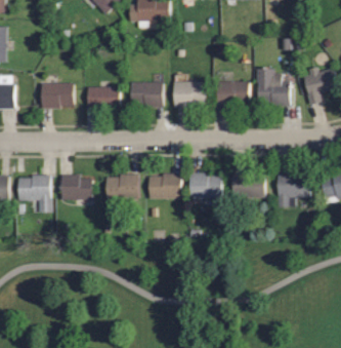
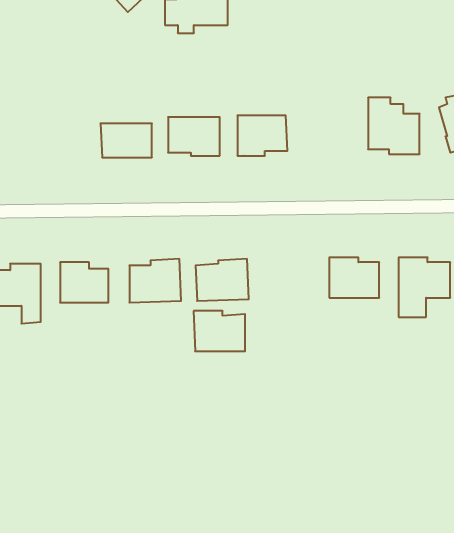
building: [215,81,249,107] -> none
building: [41,83,74,108] -> none
building: [188,172,221,198] -> [194,311,245,351]

